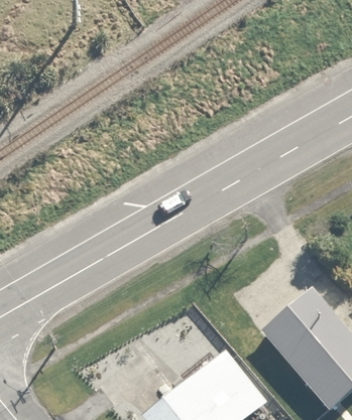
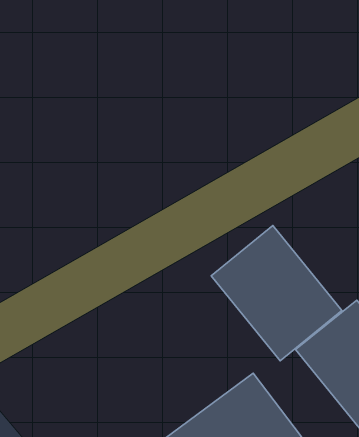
building: none -> [211,226,342,361]

